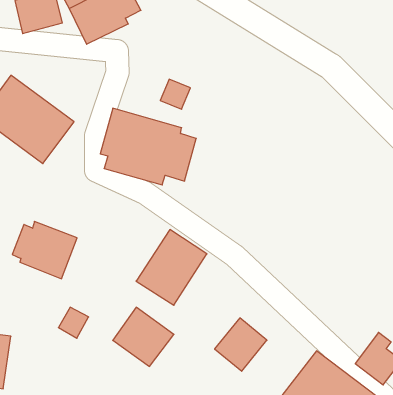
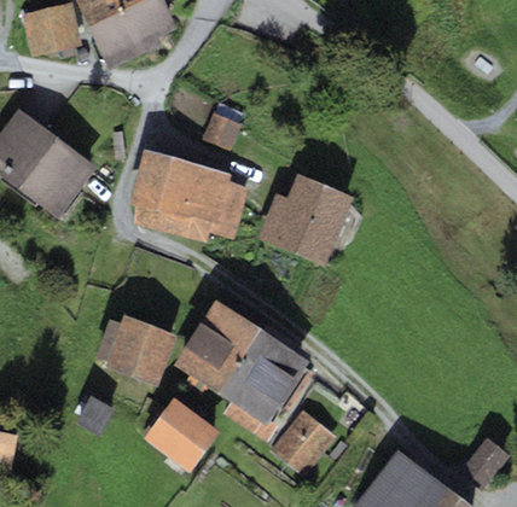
building: none -> [257,171,353,266]
building: [12,221,77,279] -> [95,314,176,385]
building: none -> [220,330,308,442]

